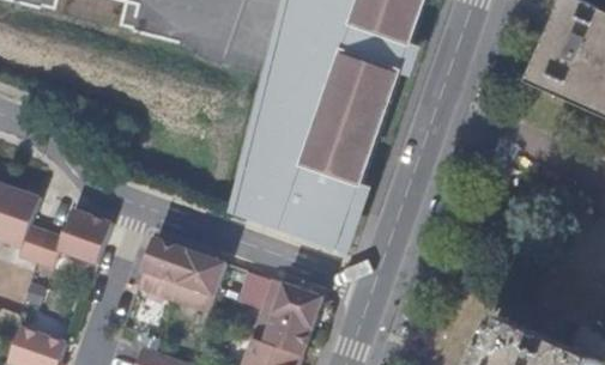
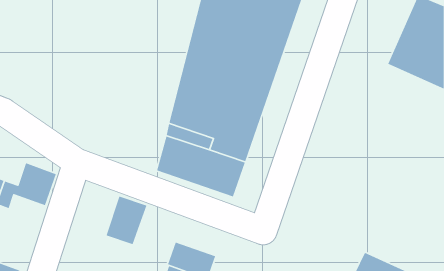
building: [138,236,190,299] -> none
building: [261,276,323,324] -> none

